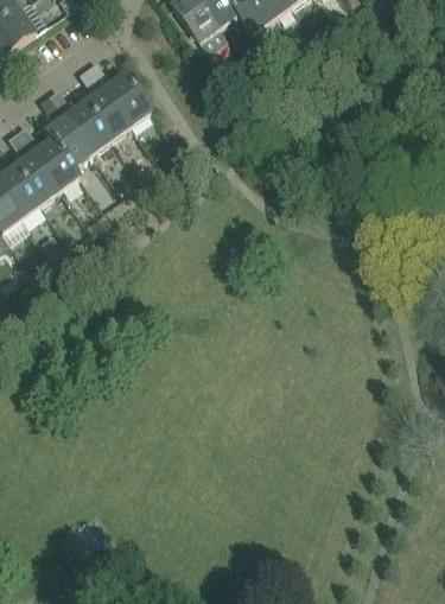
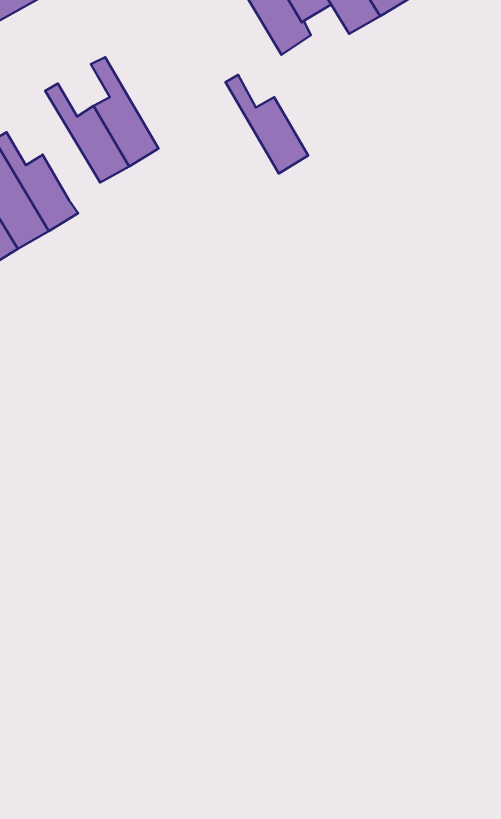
building: [88,59,150,125] -> [225,75,308,174]
building: [39,93,93,166] -> none

